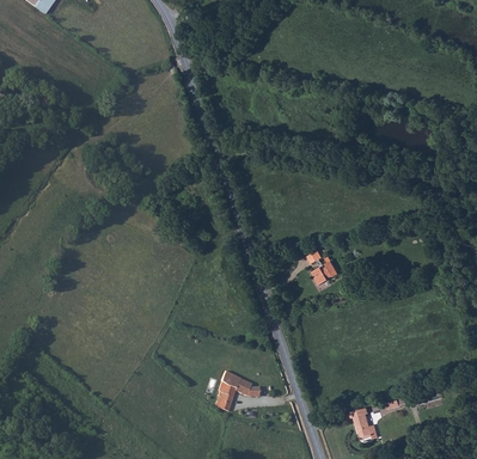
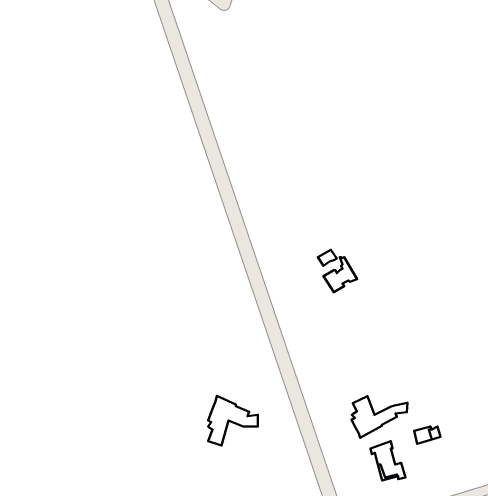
building: none -> [352,396,408,438]

